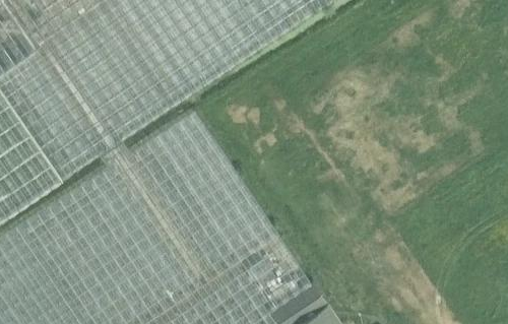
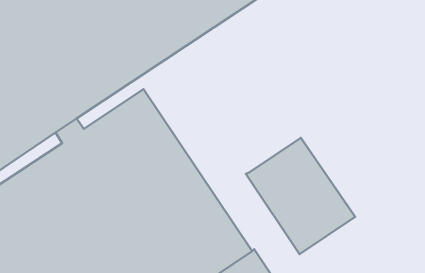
building: none -> [246,138,355,254]

